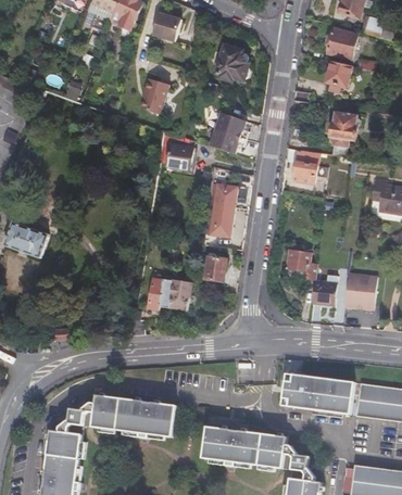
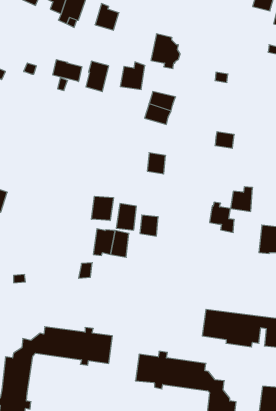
building: [327,25,359,60] -> none
building: [326,61,351,92] -> none
building: none -> [53,60,82,82]
building: [329,113,362,156] -> none
building: [166,136,196,168] -> [120,62,145,89]
building: [210,208,234,240] -> [116,204,136,230]
building: none -> [91,196,113,221]
building: [313,276,339,305] -> [231,187,253,211]

